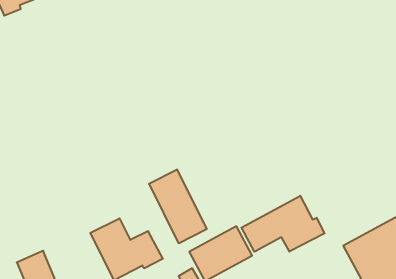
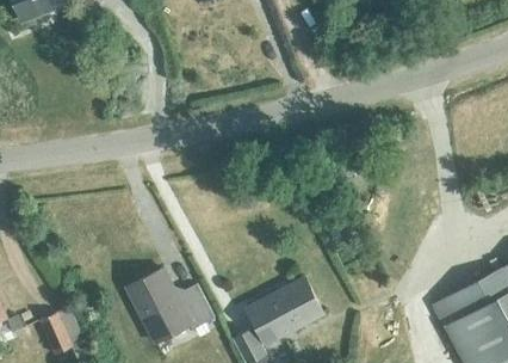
building: [149,169,207,243] -> none
building: [241,196,325,252] -> none

